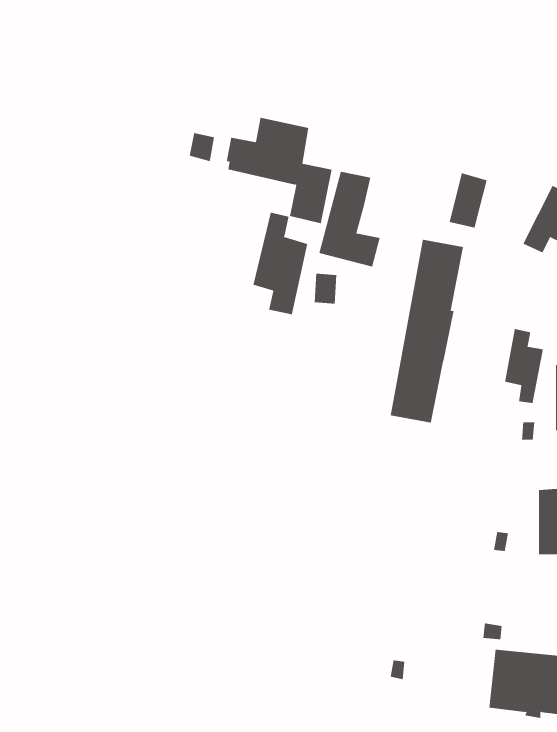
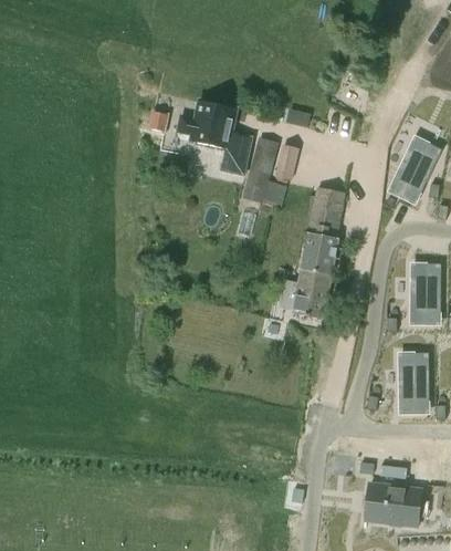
building: [449,173,488,228] -> [272,143,300,183]
building: [253,212,308,315] -> none
building: [504,328,544,404] -> none

